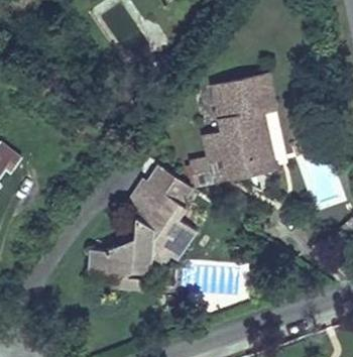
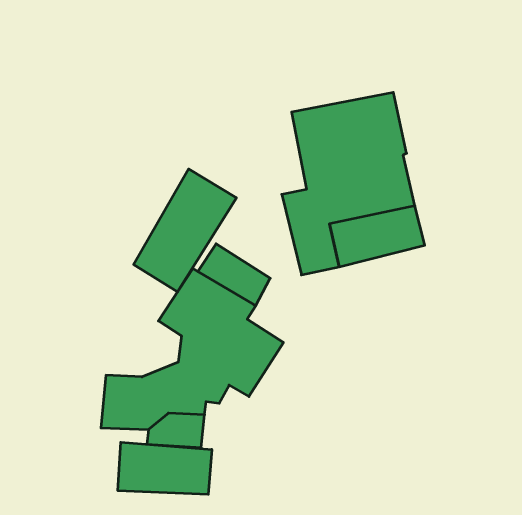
building: none -> [134,169,236,292]
building: none -> [118,442,212,494]

